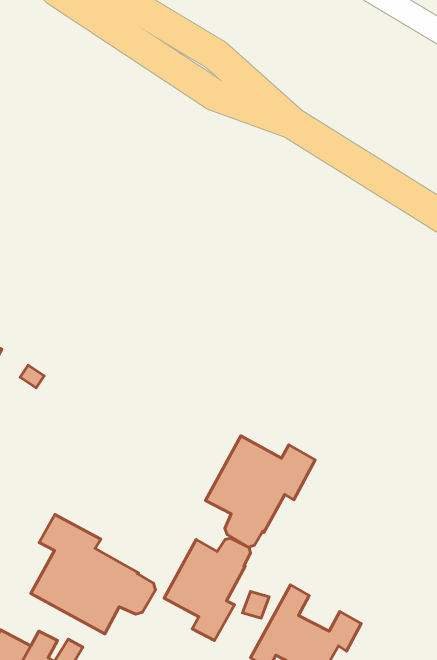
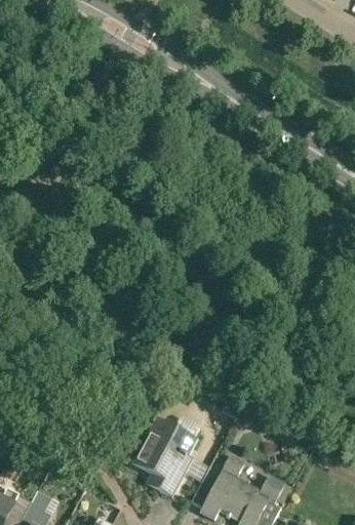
building: [206,436,315,547] -> none
building: [31,515,156,634] -> none

